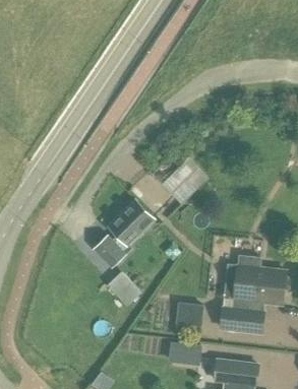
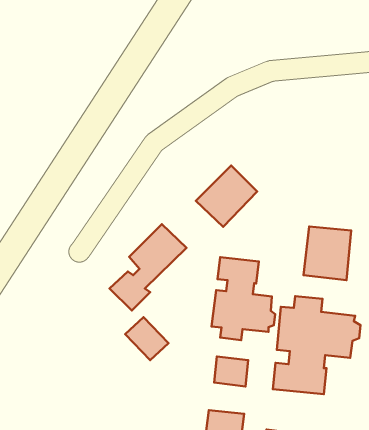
building: none -> [303,226,351,280]
building: none -> [211,257,275,340]

